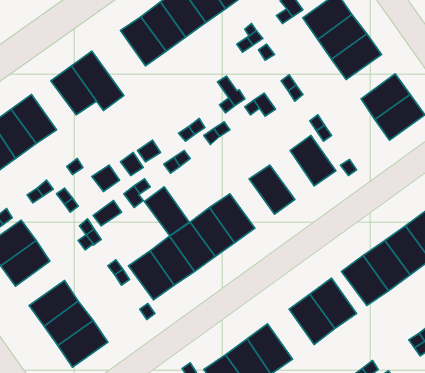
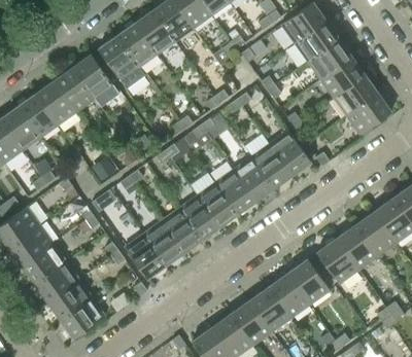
building: none -> [98,36,145,90]
building: none -> [320,58,365,98]
building: none -> [36,81,76,126]
building: none -> [251,144,291,188]
building: [145,187,189,236] -> [215,170,255,214]
building: none -> [22,244,66,284]
building: none -> [249,287,291,332]

